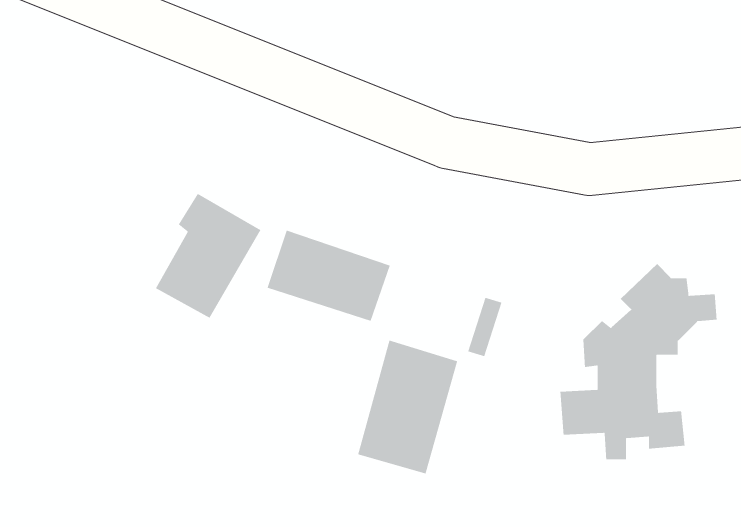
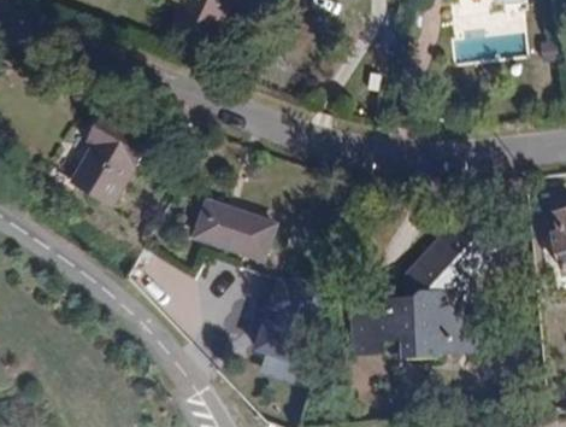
building: [155,193,261,319] -> [69,119,141,205]

